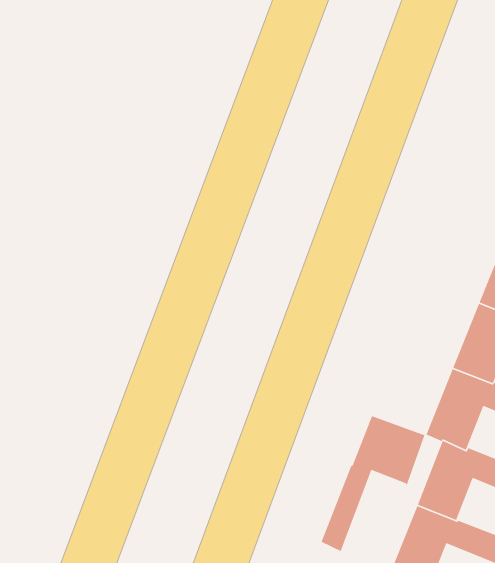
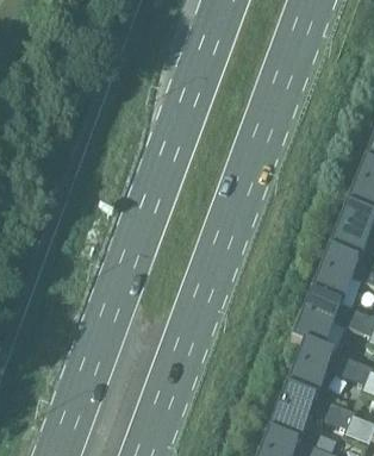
building: [321,415,426,552] -> none

